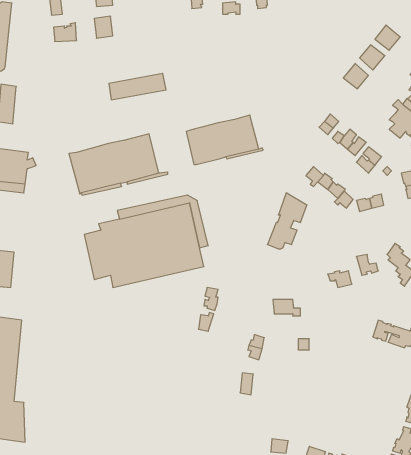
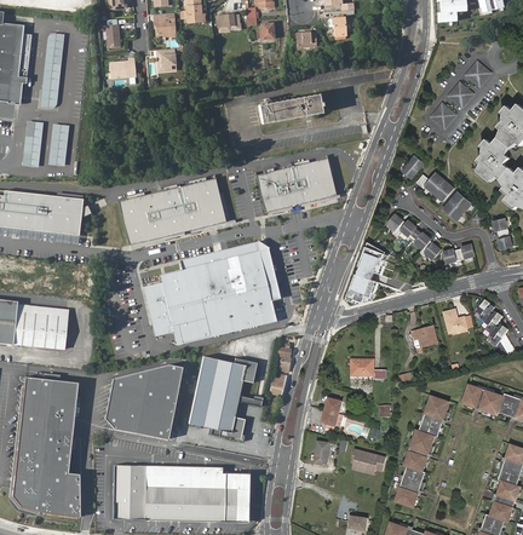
building: [109,73,166,100] -> [259,93,322,122]
building: none -> [189,356,258,438]
building: none -> [108,366,185,439]
building: none -> [398,396,452,507]
building: none -> [352,448,387,476]
building: none -> [114,465,249,520]

